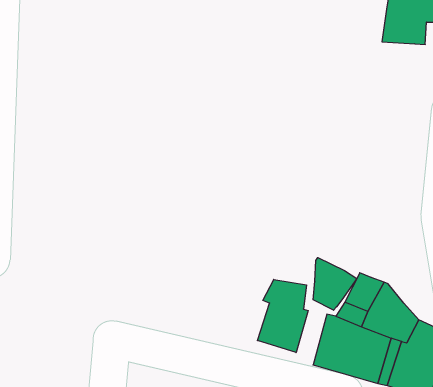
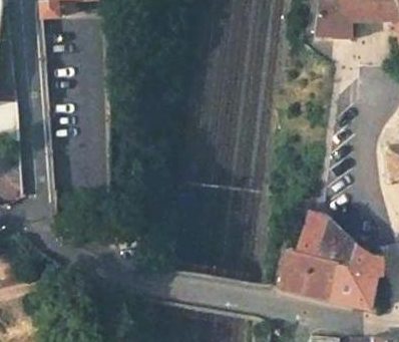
building: [313,258,357,310] -> none
building: [257,279,308,353] -> none

